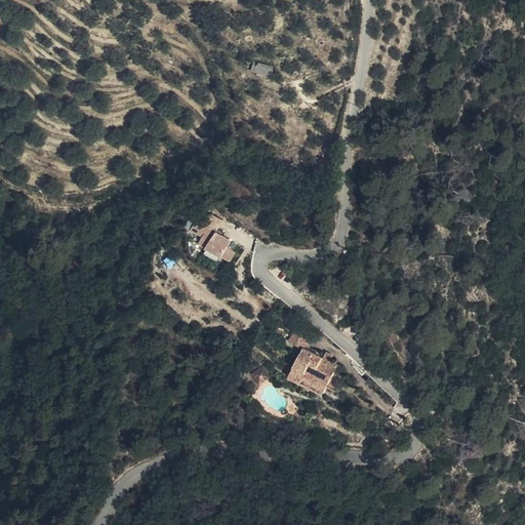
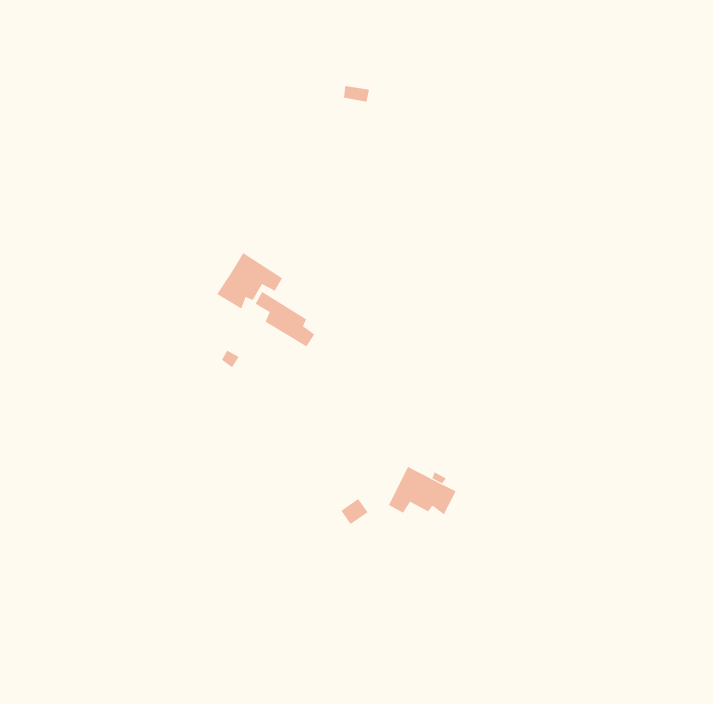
building: none -> [217,252,283,310]

